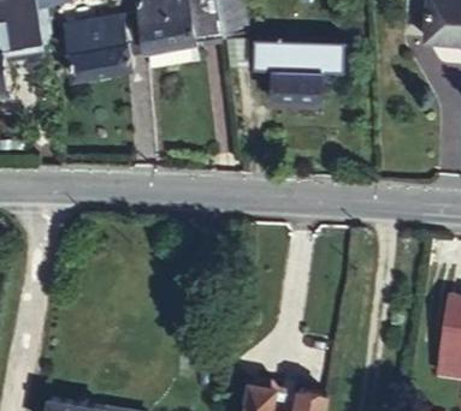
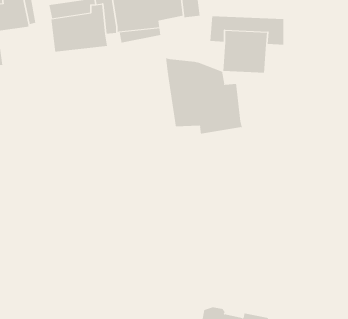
building: none -> [166,57,243,135]

